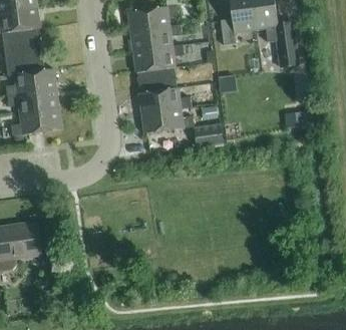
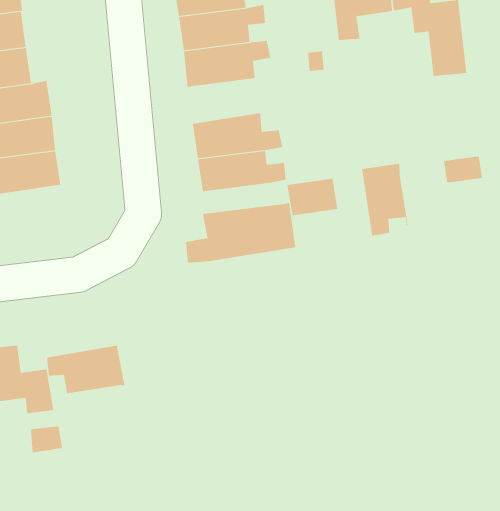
building: [136,67,177,93] -> none
building: none -> [361,163,408,236]
building: none -> [186,202,296,264]
building: none -> [46,345,125,394]

